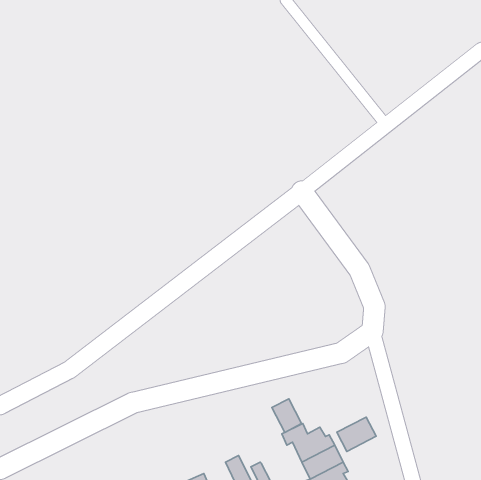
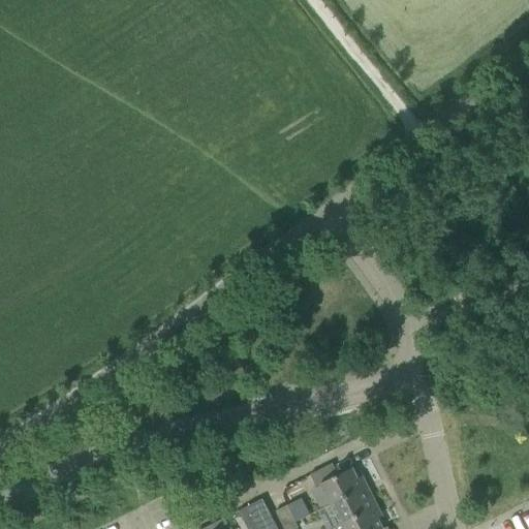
building: [272,399,302,432] -> none
building: [337,417,376,451] -> none

